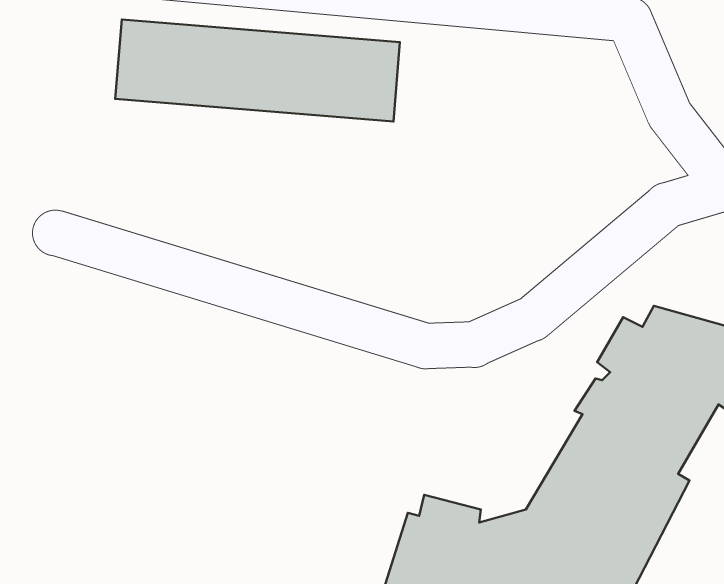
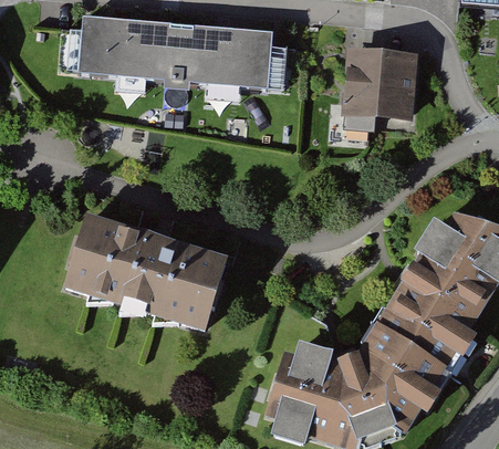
building: none -> [345,46,418,119]
building: none -> [59,212,223,330]

